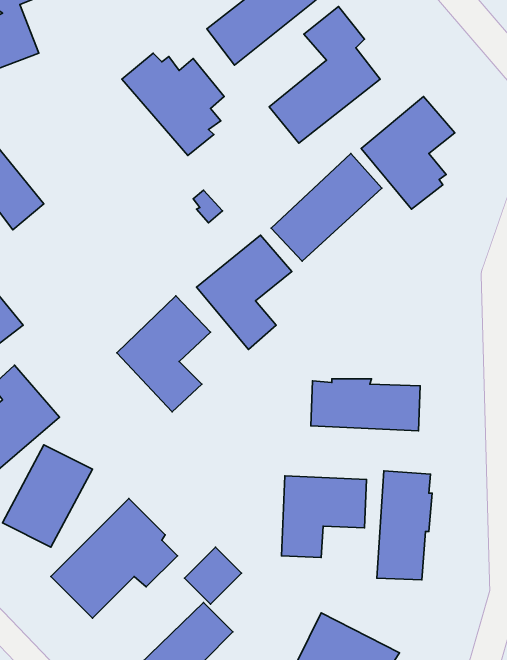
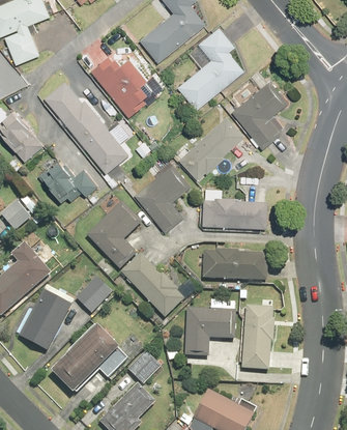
building: none -> [44,81,128,173]
building: none -> [46,161,97,201]
building: none -> [202,197,267,228]
building: none -> [119,253,197,317]
building: none -> [75,276,112,313]

